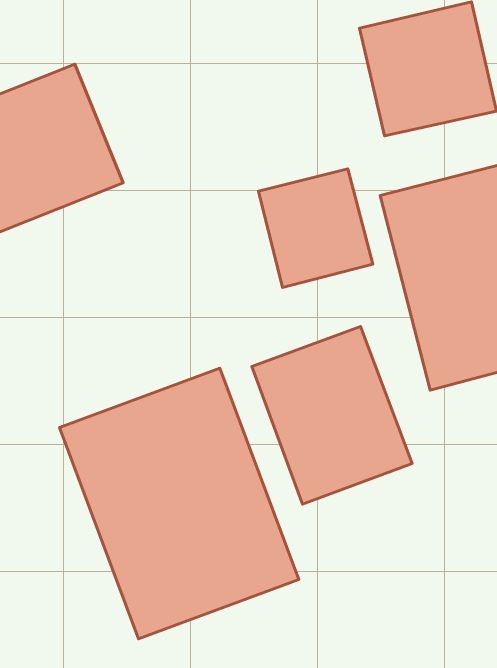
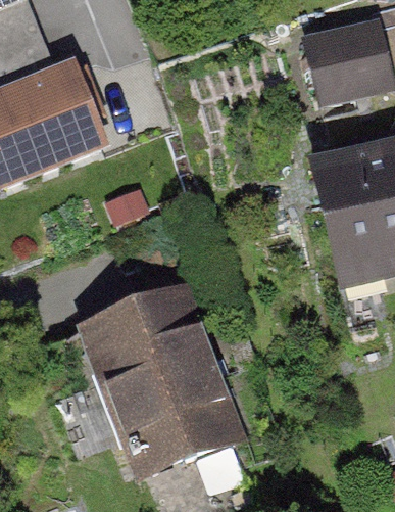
building: [259,169,373,287] -> none
building: [252,326,412,504] -> none

